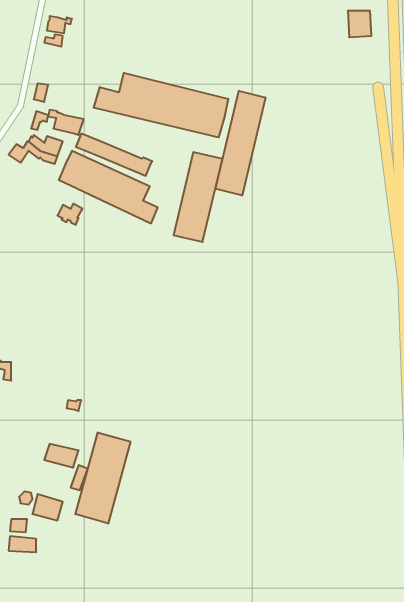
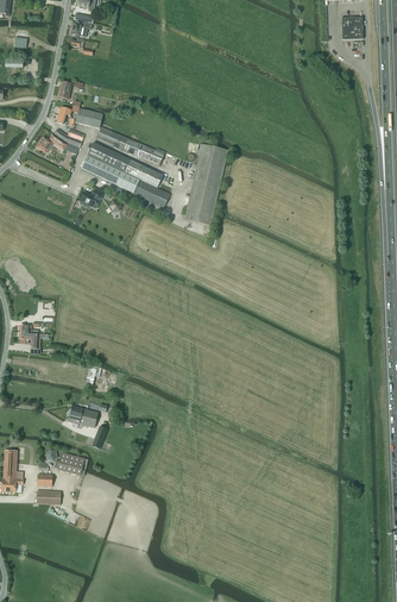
building: [94,73,228,137] -> none
building: [216,91,265,196] -> none
building: [75,432,130,524] -> none

